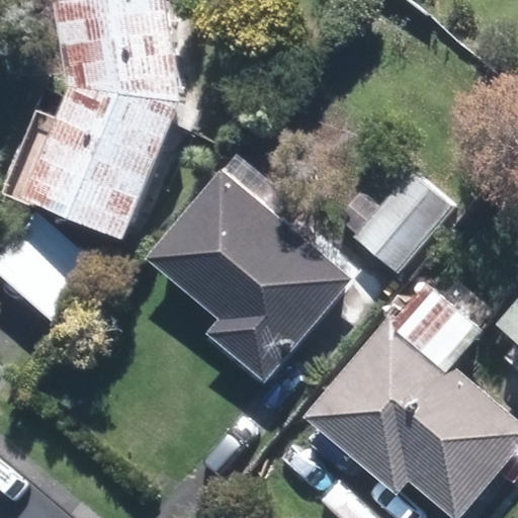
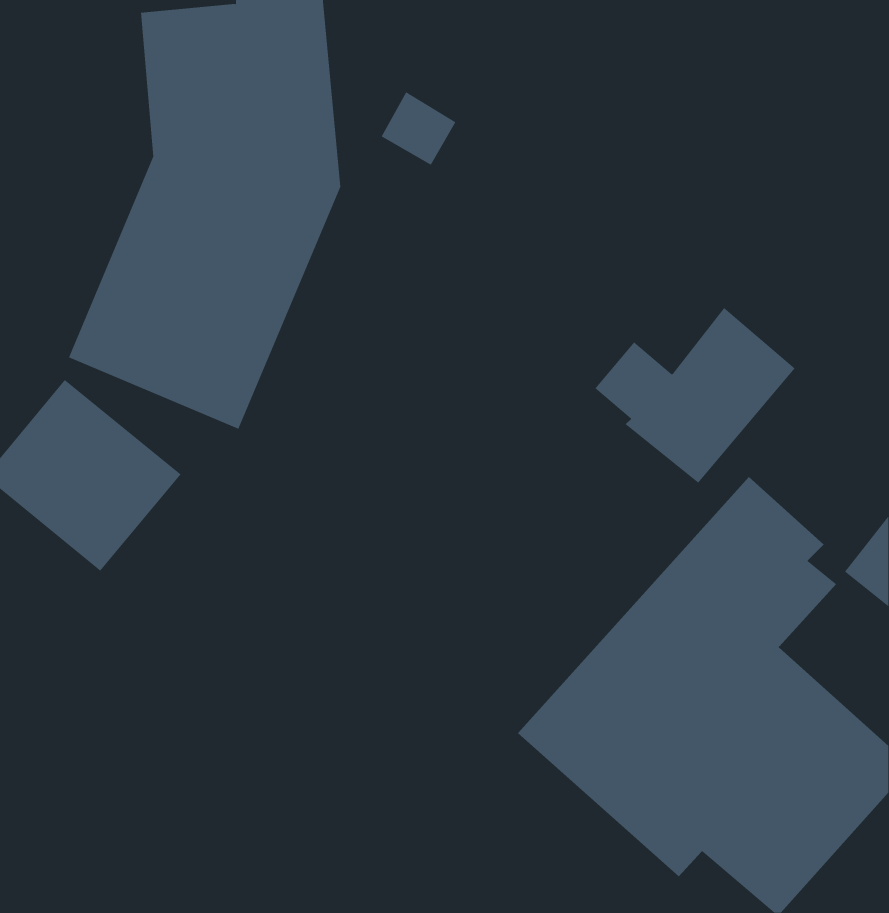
building: [151,173,351,381] -> none

